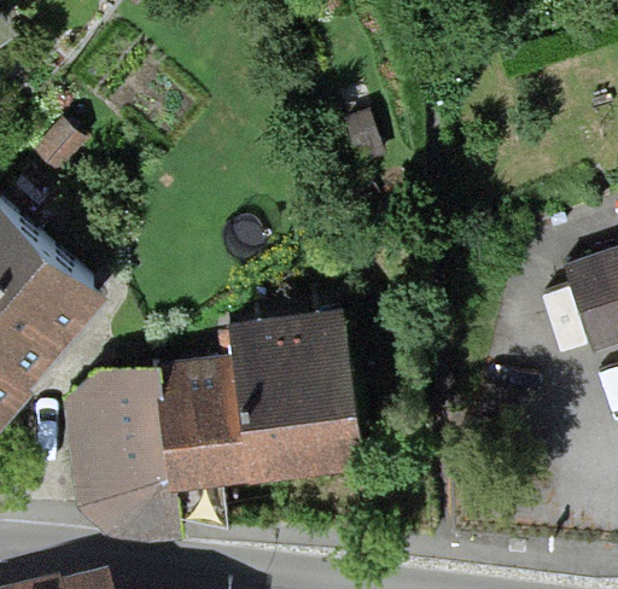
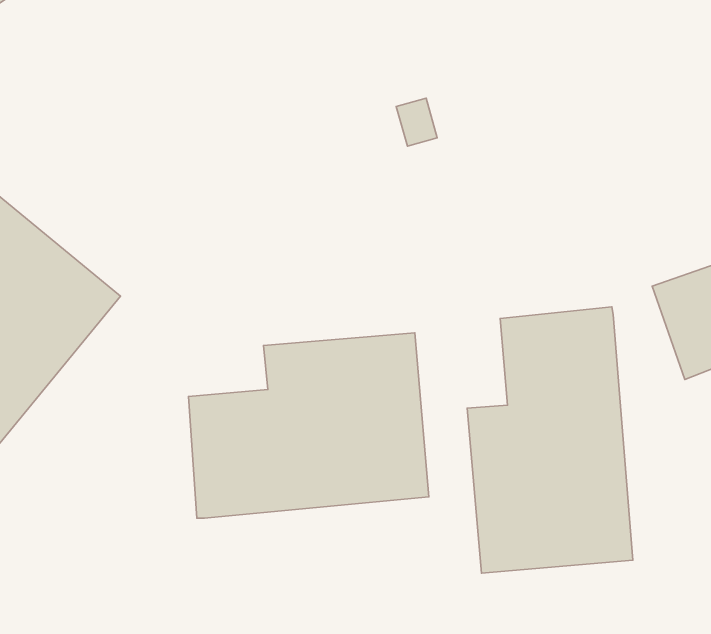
building: none -> [467,307,633,573]
building: [63,360,180,541] -> none

